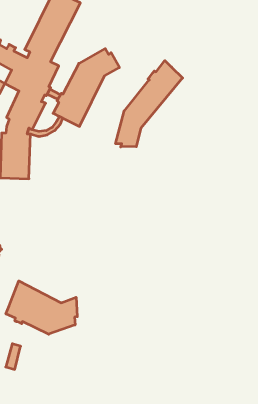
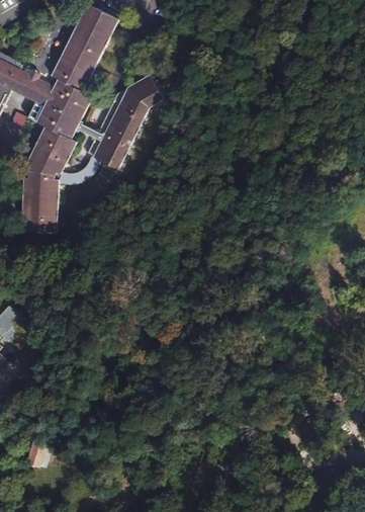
building: [116,61,183,147] -> none
building: [6,281,77,334] -> none

